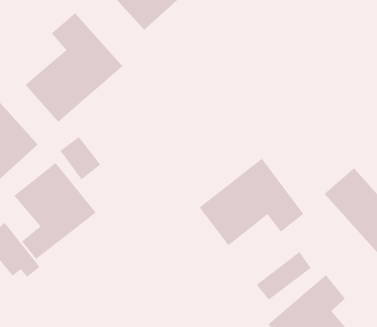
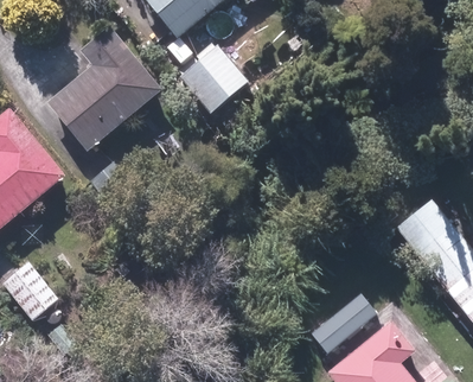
building: none -> [175,39,251,115]
building: [199,158,304,246] -> none
building: [13,162,96,260] -> none

